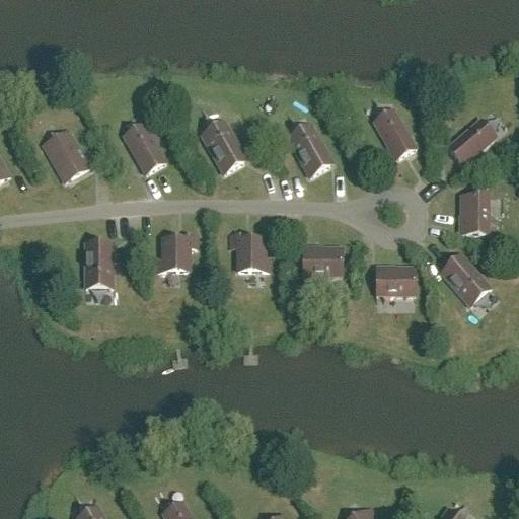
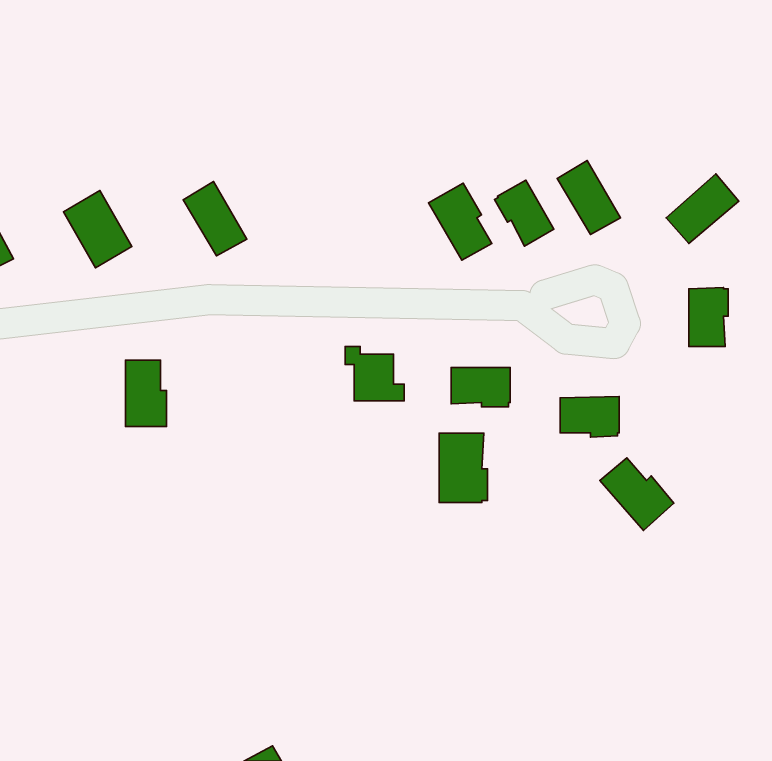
building: [201,120,243,171] -> none
building: none -> [494,180,554,246]
building: [155,232,195,269] -> none
building: [440,255,490,304] -> [600,458,674,530]
building: none -> [439,433,488,502]

